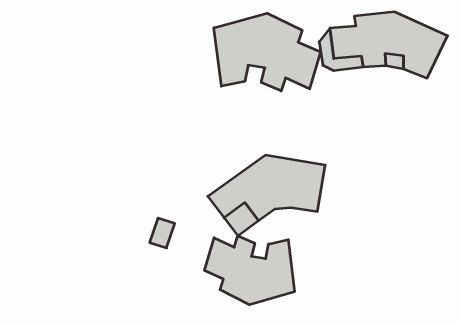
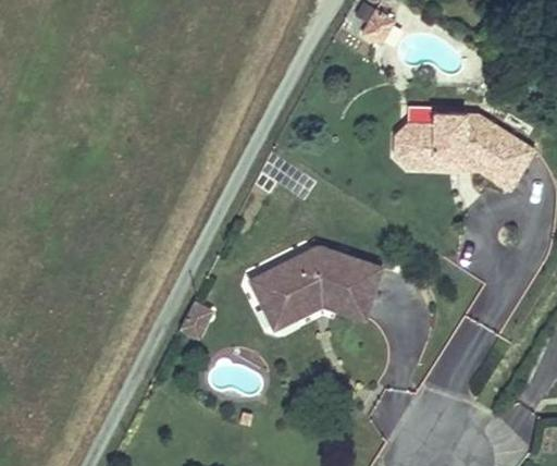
building: [214,13,321,91] -> none
building: [205,236,294,305] -> none

